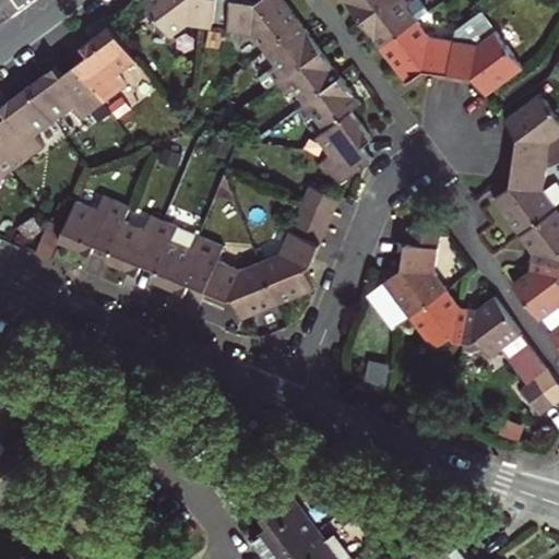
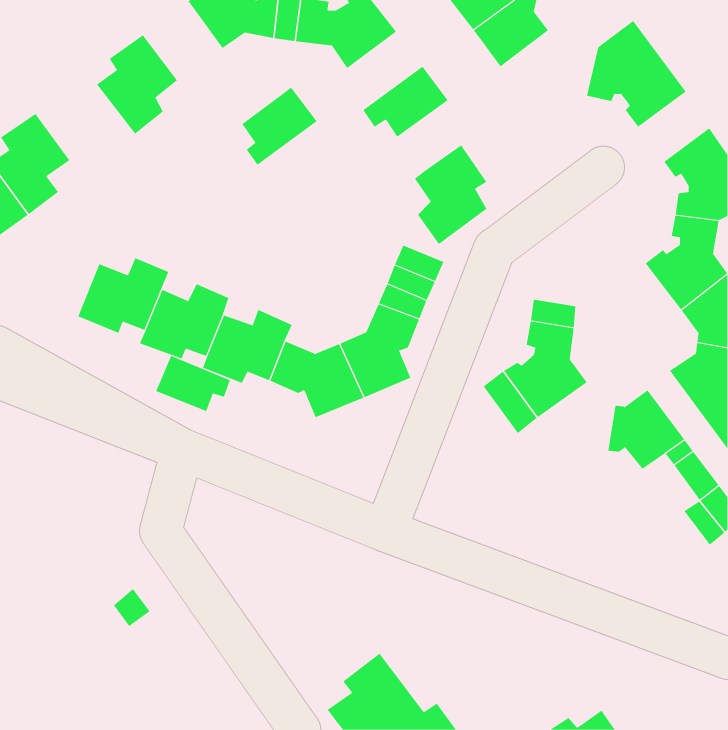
building: [381,23,454,83] -> none
building: [264,24,322,84] -> [241,87,317,166]
building: [27,64,103,122] -> none
building: [296,76,361,131] -> none
building: none -> [155,355,231,412]
building: [409,292,468,349] -> none

